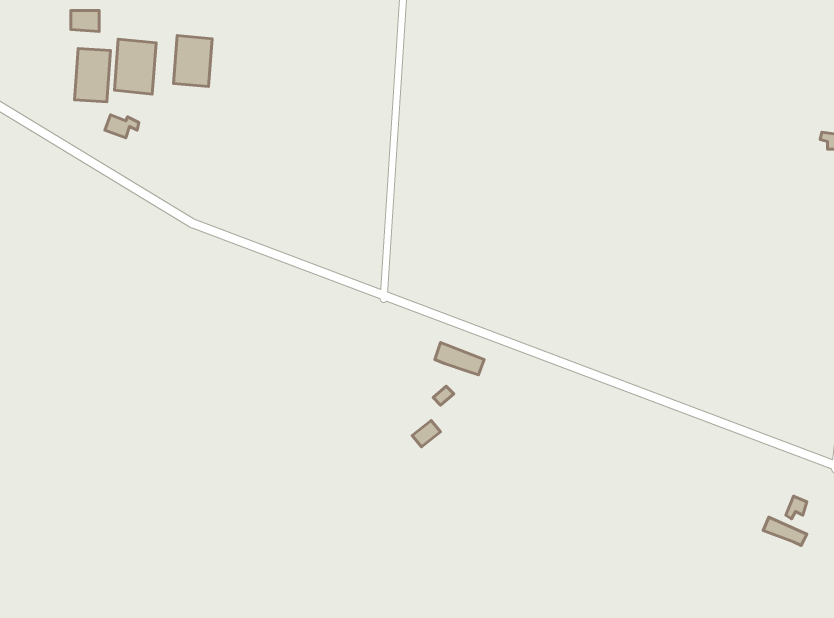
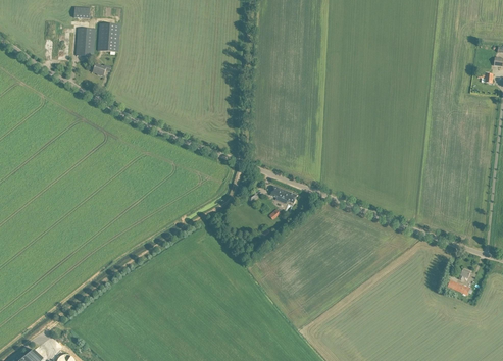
building: [174,36,212,87] -> none

